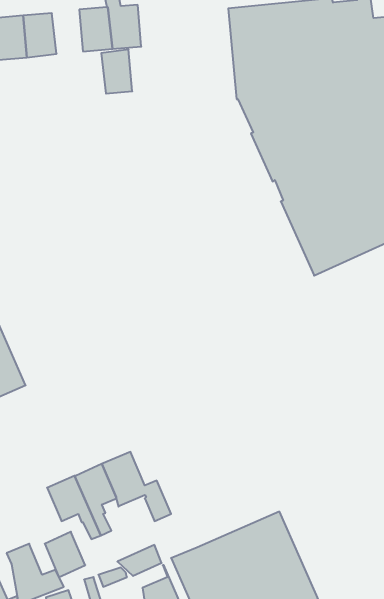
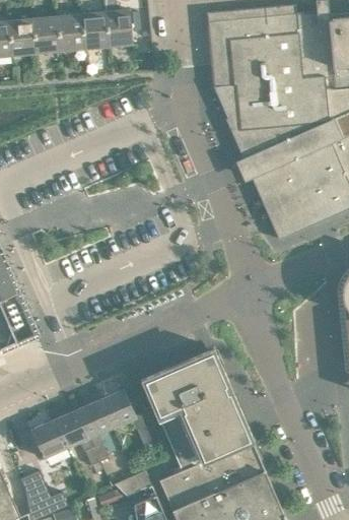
building: [101,49,132,94] -> [58,13,84,51]
building: none -> [143,350,252,471]
building: [45,532,85,577] -> [31,420,66,459]

